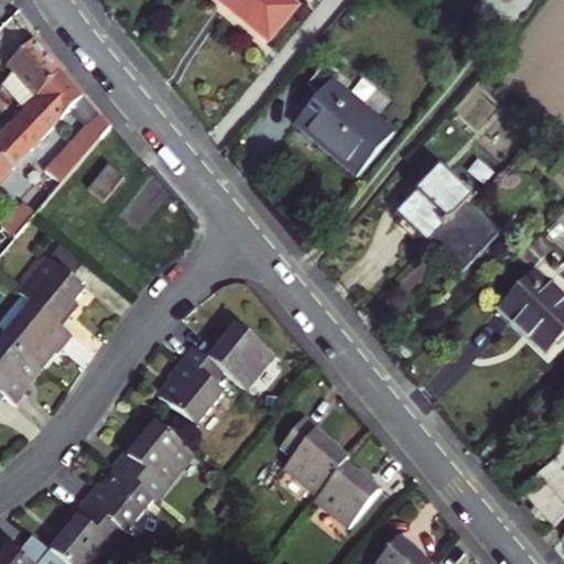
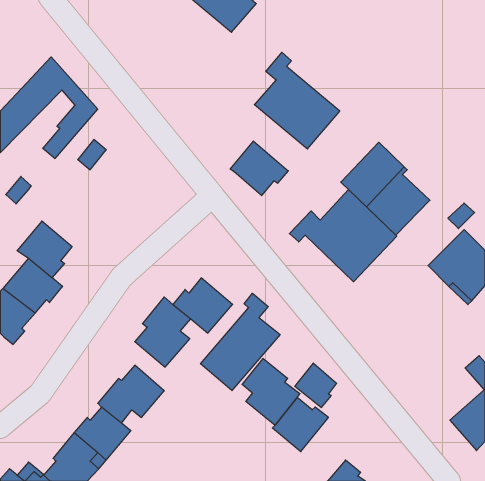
building: [6,35,59,102] -> none
building: none -> [230,141,288,196]
building: none -> [289,190,397,282]
building: none -> [201,293,280,391]
building: none -> [295,363,337,408]

